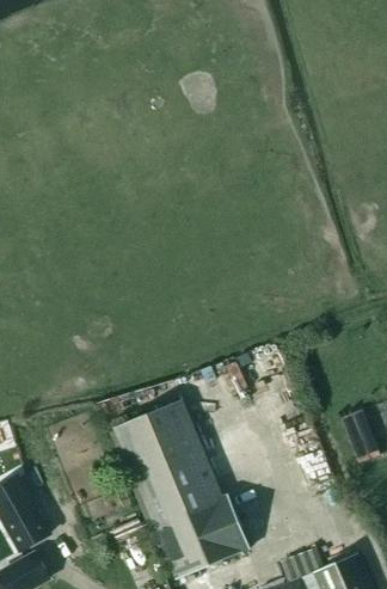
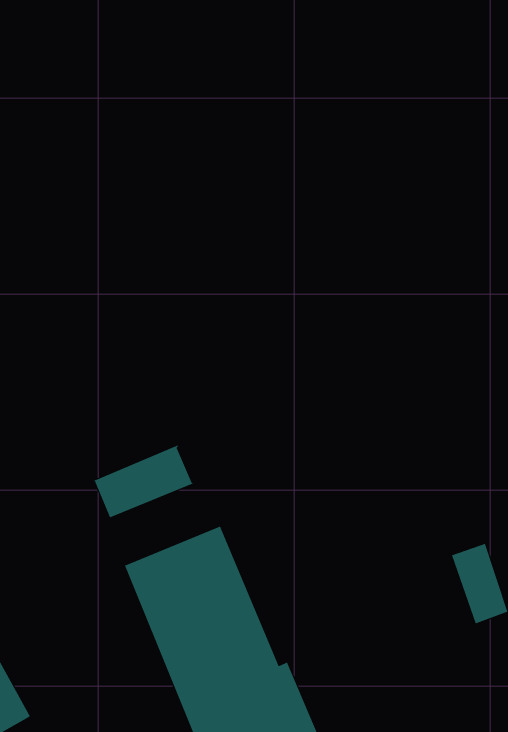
building: none -> [93,445,194,519]

